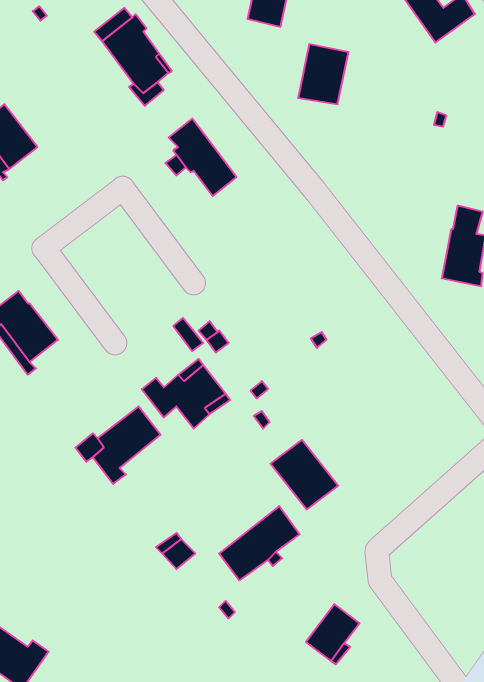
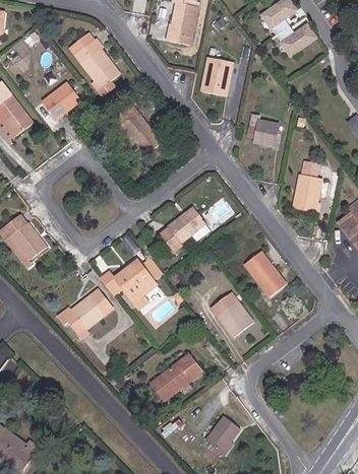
building: none -> [42,82,80,120]
building: none -> [246,114,278,146]
building: none -> [159,207,205,252]
building: none -> [244,251,286,297]
building: [270,440,338,509] -> [210,292,253,337]

